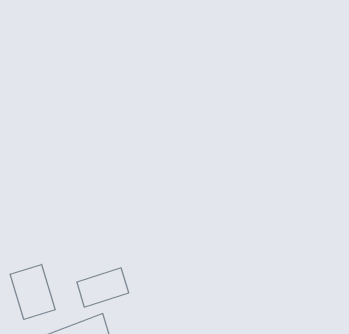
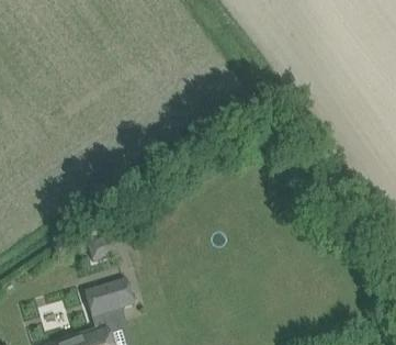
building: [10,264,55,320] -> none

